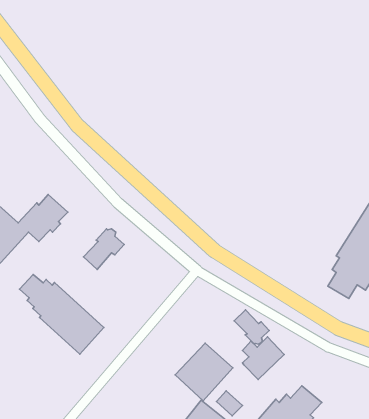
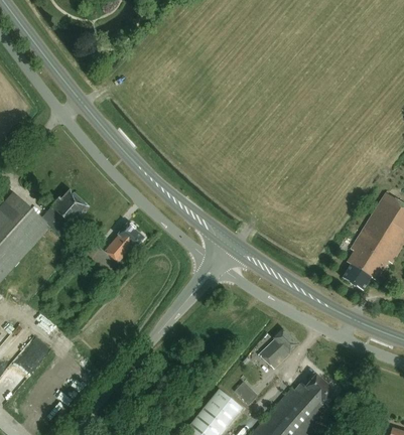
building: [19,274,104,354] -> none
building: [234,310,269,344] -> none
building: [175,343,233,401] -> none

